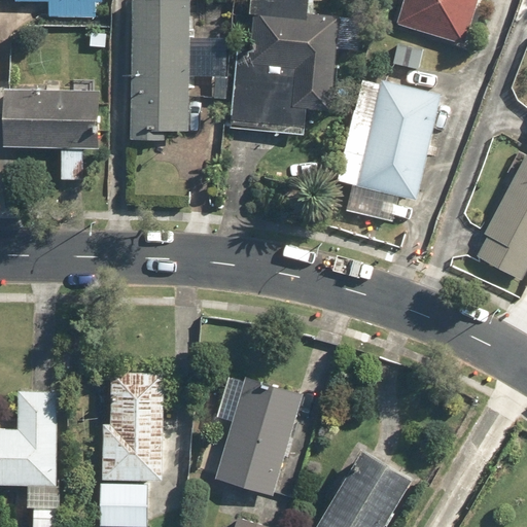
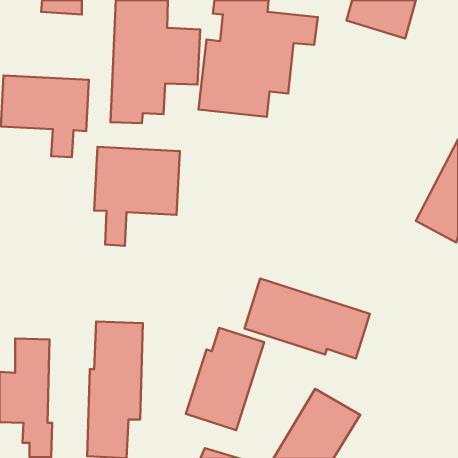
building: [338,42,441,217] -> none
building: none -> [94,147,180,246]
building: none -> [244,279,370,358]

